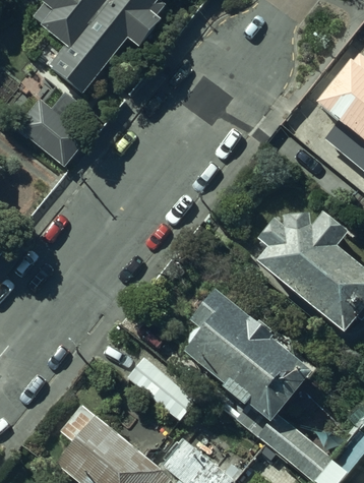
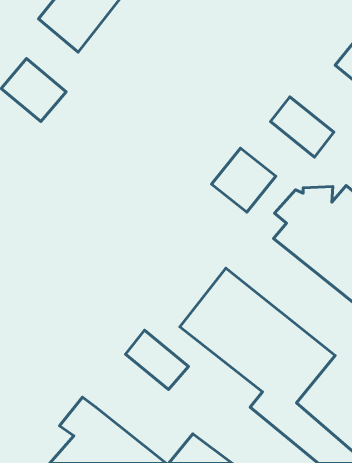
building: none -> [270,97,334,157]
building: none -> [211,148,276,212]

